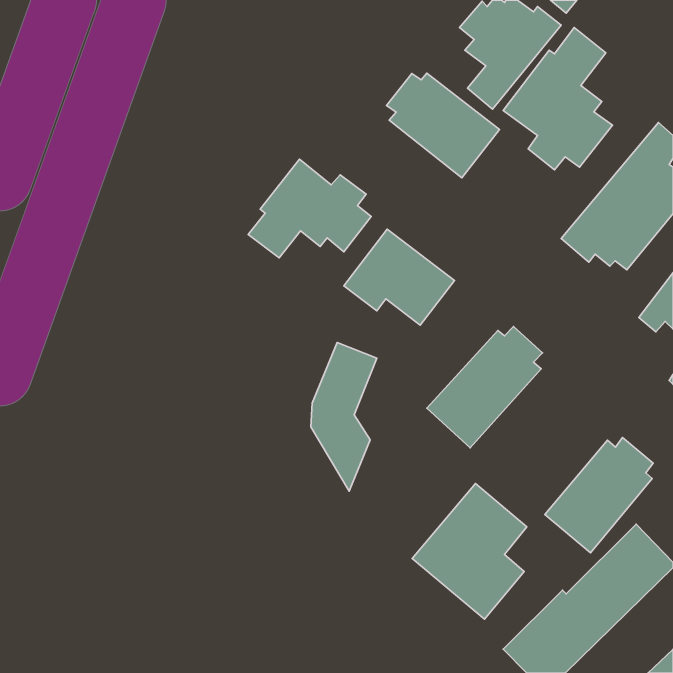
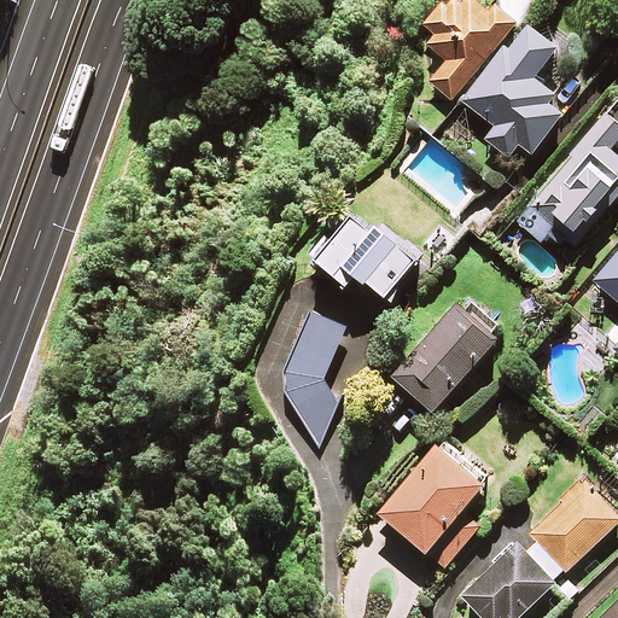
building: [387,73,500,178] -> none
building: [248,159,371,258] -> none
building: [545,438,653,553] -> none

